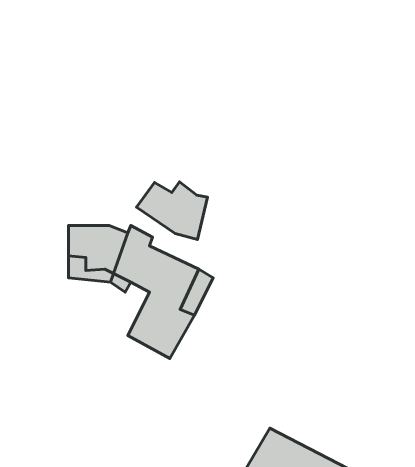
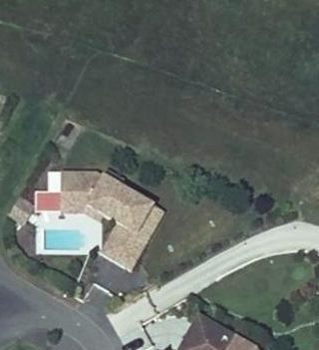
building: [137,182,208,240] -> none

